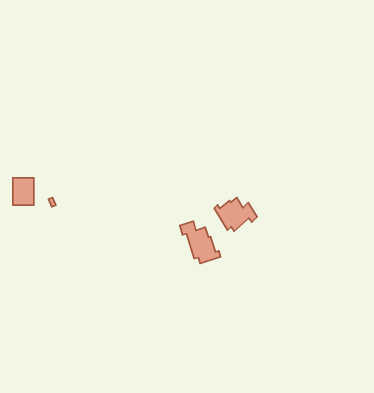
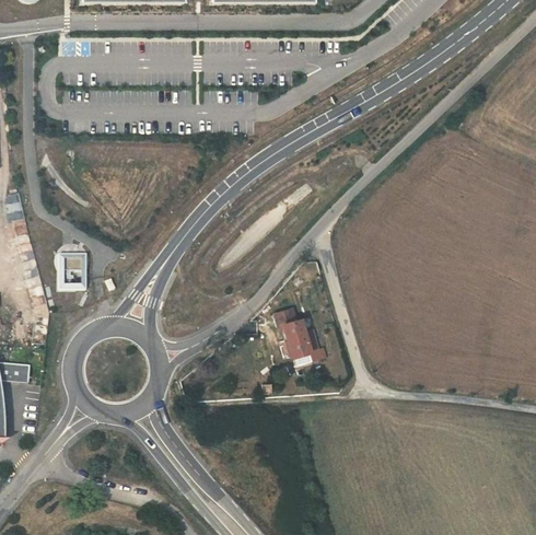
building: [214,197,257,231] -> none

